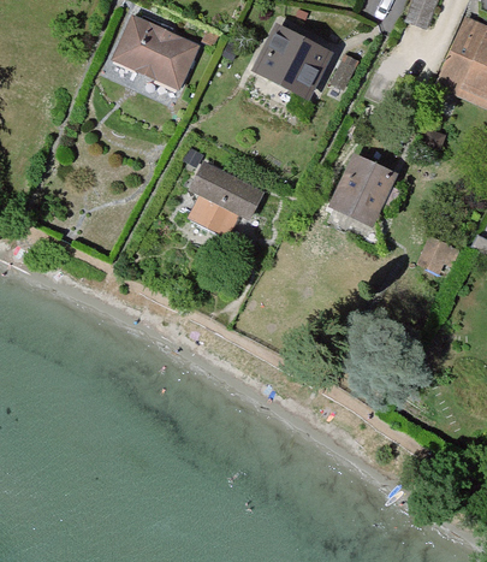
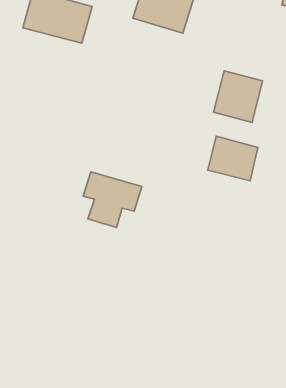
building: [189,160,263,235] -> [83,172,142,228]
building: none -> [208,136,258,181]

